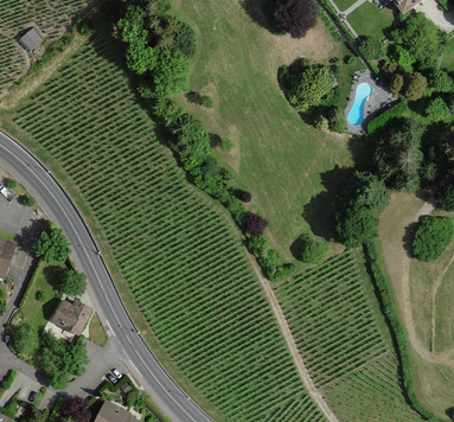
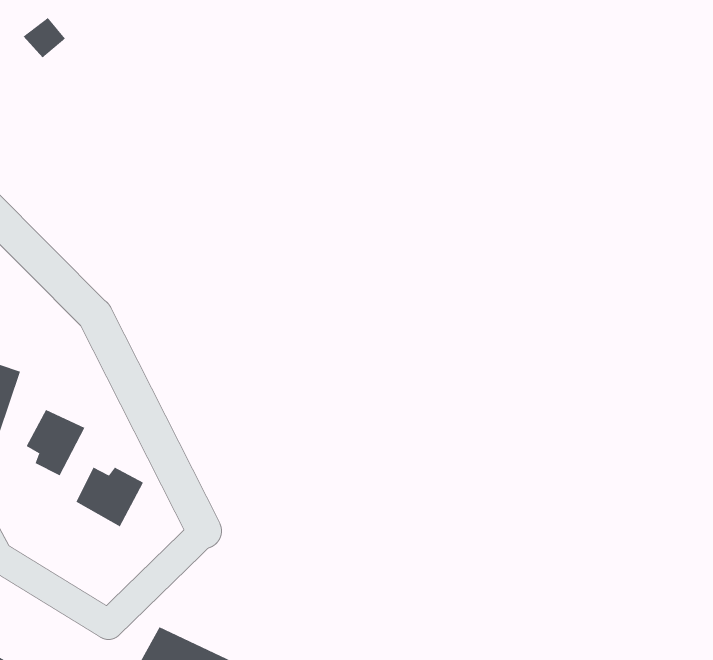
building: none -> [26,409,85,476]

